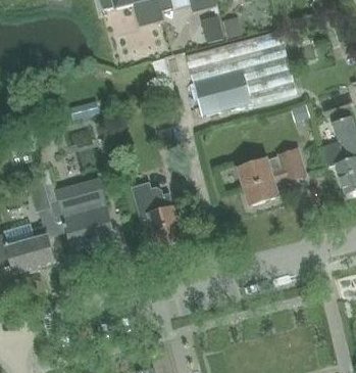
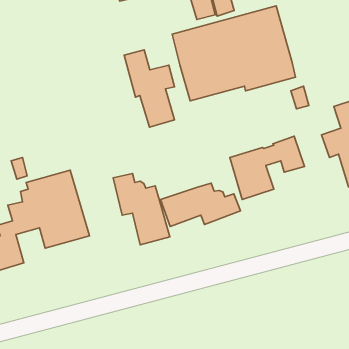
building: none -> [124,50,175,127]
building: none -> [161,183,240,226]

